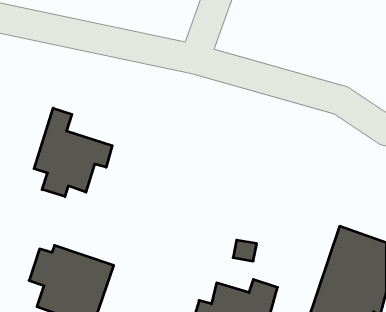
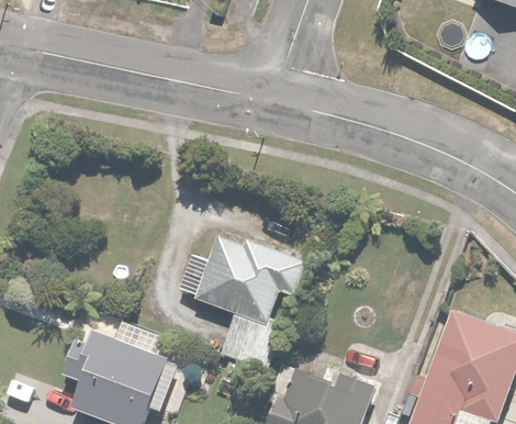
building: [34,108,112,197] -> none
building: none -> [180,232,307,370]

